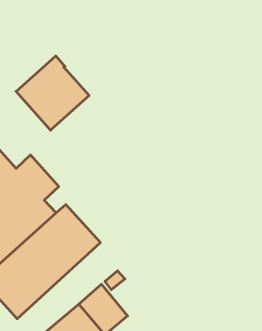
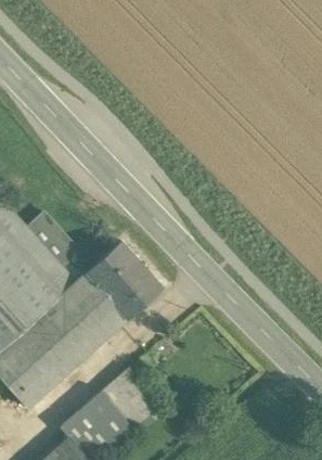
building: [16,56,89,130] -> none
building: none -> [86,241,162,318]

